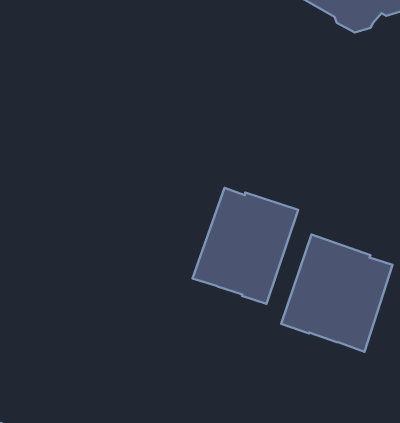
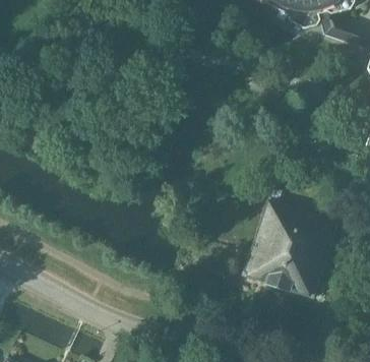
building: [193,188,298,304] -> none

